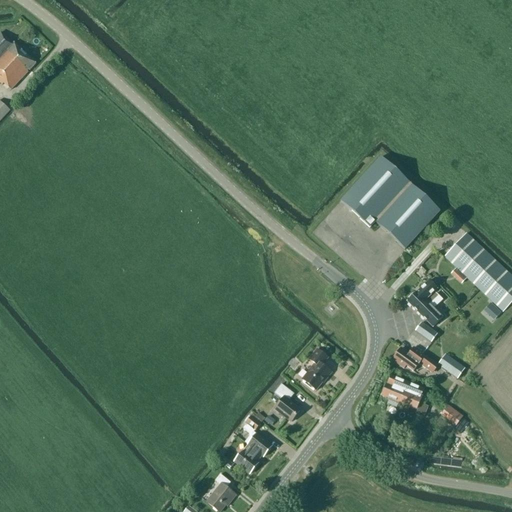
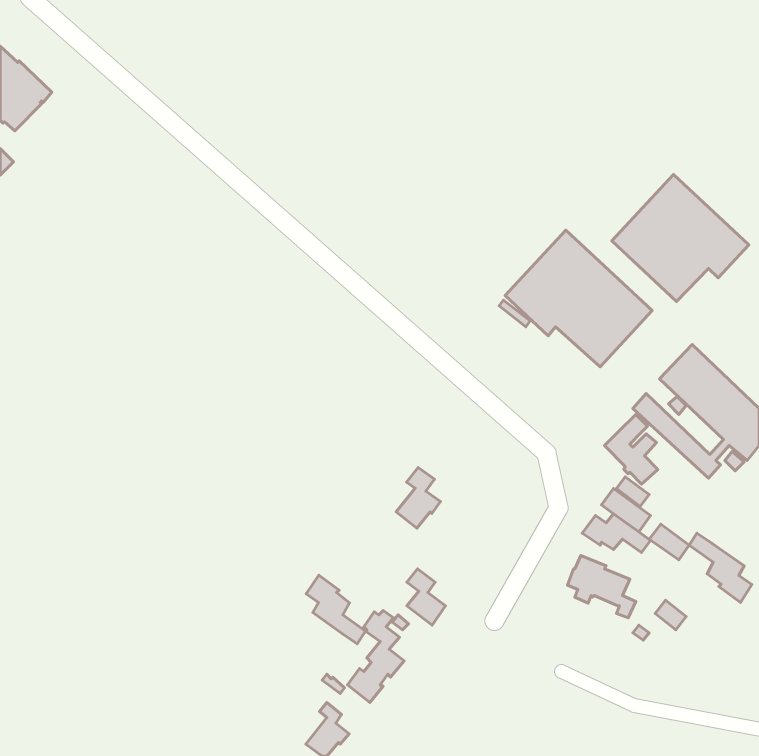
building: none -> [612,175,749,301]
building: [301,348,331,389] -> [396,467,441,528]
building: none -> [689,533,752,602]
building: none -> [306,575,365,644]

